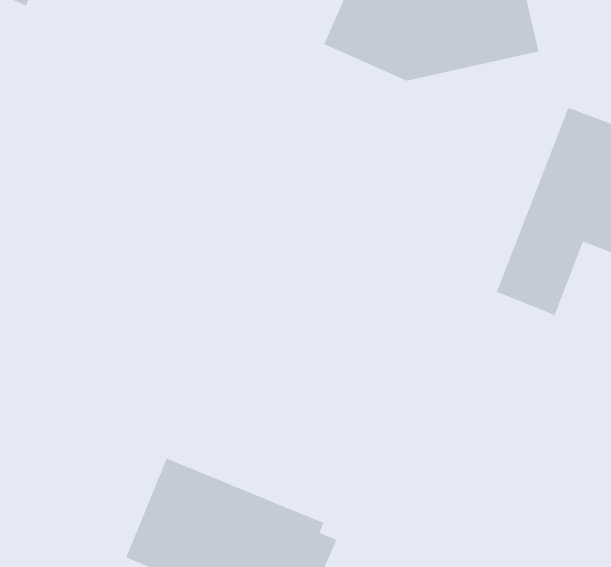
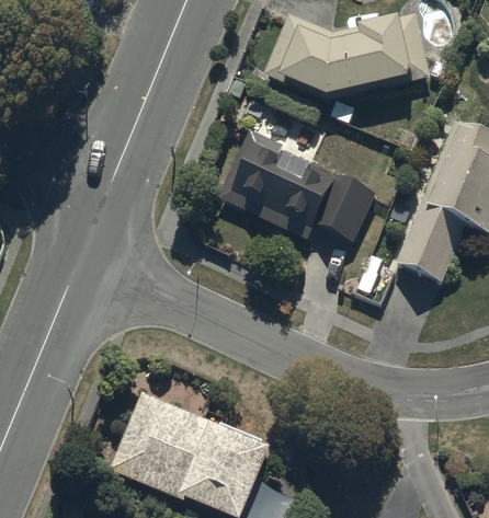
building: none -> [219,127,377,240]

